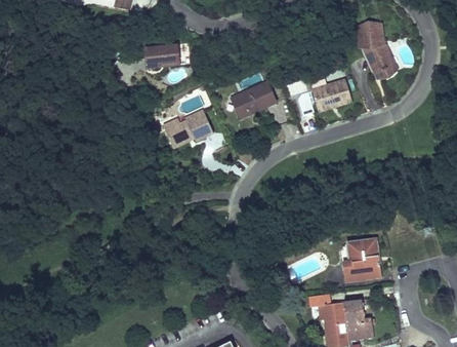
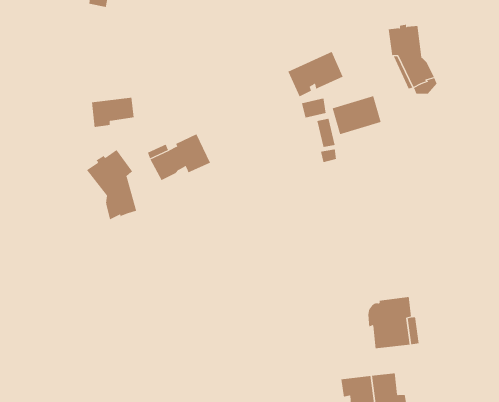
building: [143,43,178,68] -> [91,97,135,128]
building: [231,80,276,117] -> [288,51,344,97]
building: none -> [86,149,137,220]

